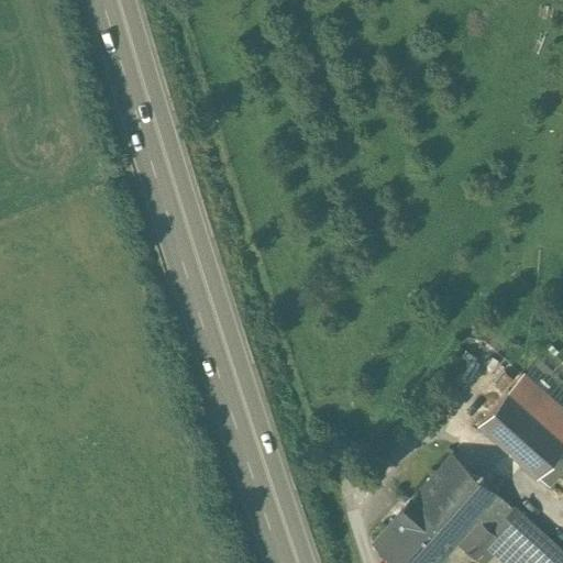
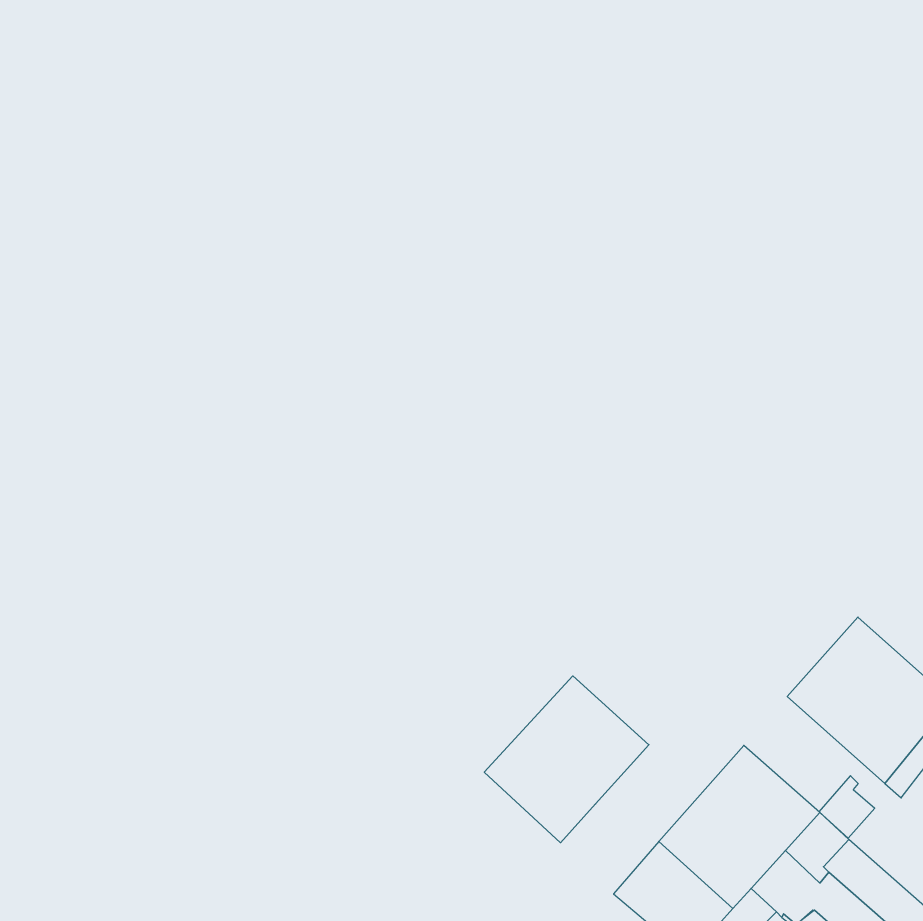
building: none -> [484,676,649,843]
building: none -> [819,776,875,838]

